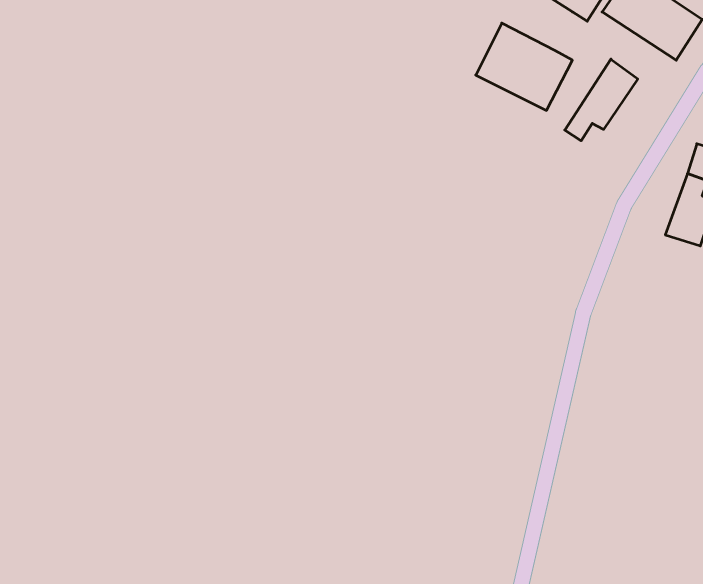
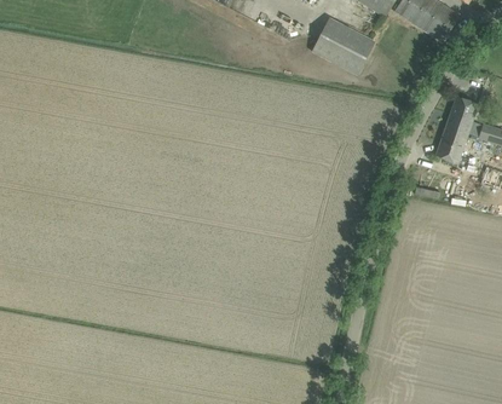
building: [565,59,638,141] -> none

